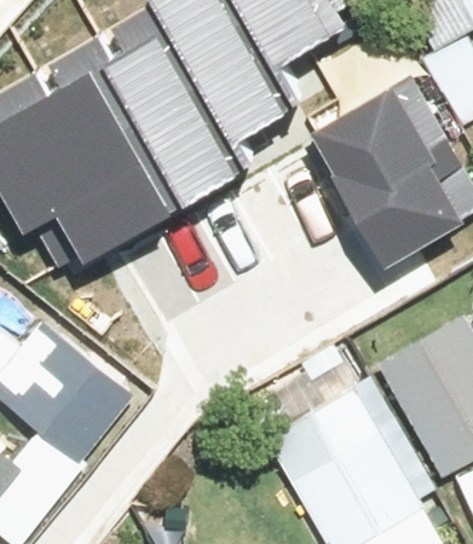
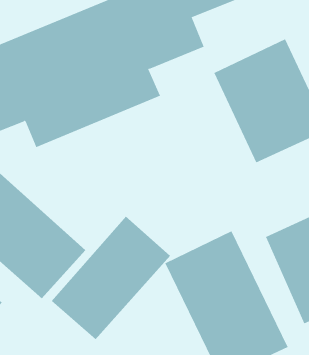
building: none -> [51,216,171,340]

